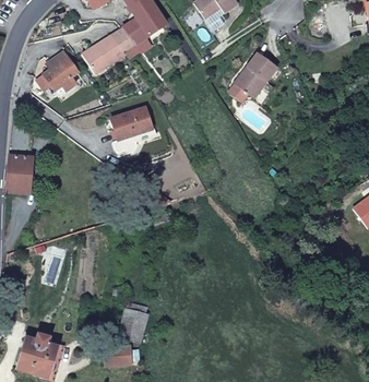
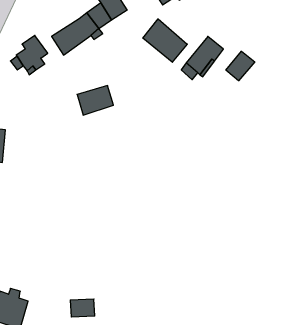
building: none -> [143,19,187,62]
building: none -> [226,51,255,81]
building: [119,302,147,342] -> none

